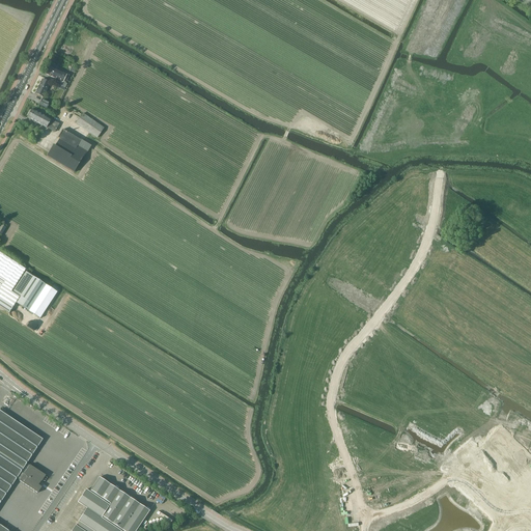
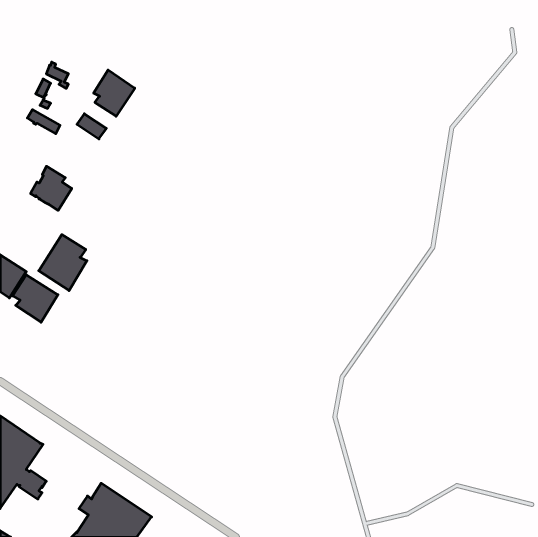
building: none -> [94,70,135,116]
building: [47,129,87,172] -> [31,166,72,210]
building: none -> [39,235,87,291]

